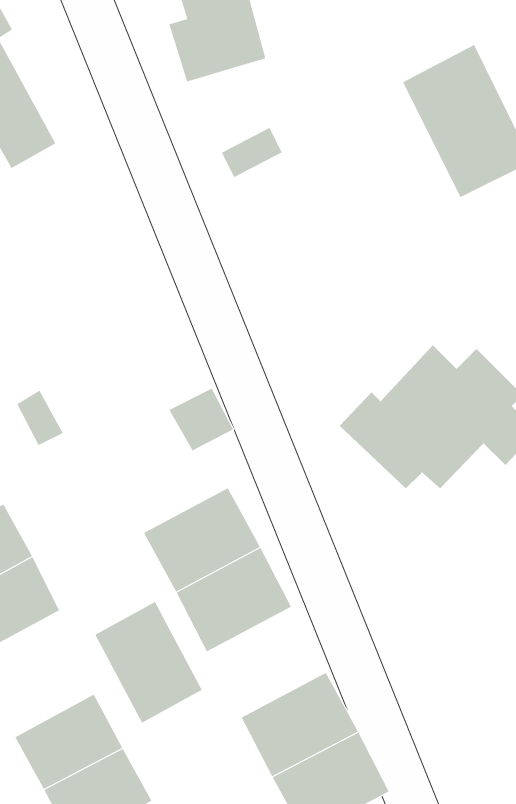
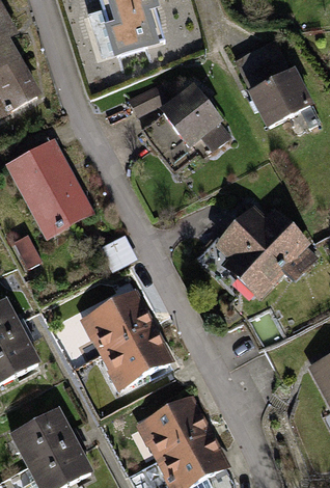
building: none -> [141,87,227,169]
building: none -> [8,140,91,236]
building: [94,601,202,723] -> none

